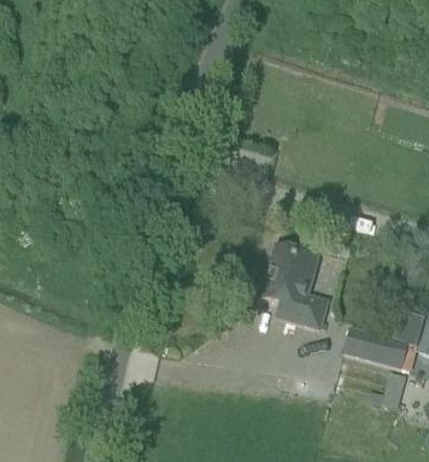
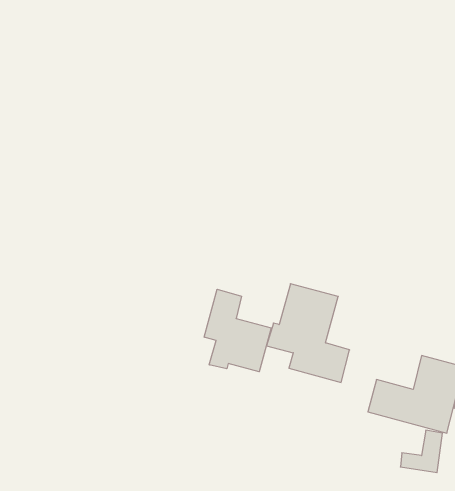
building: none -> [204,289,271,372]

